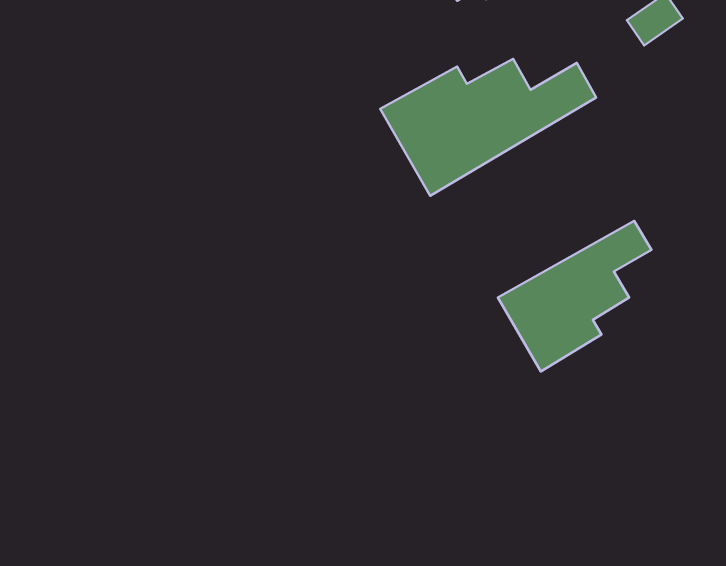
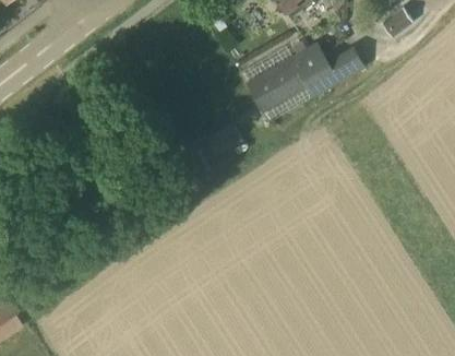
building: [498,221,652,371] -> none

